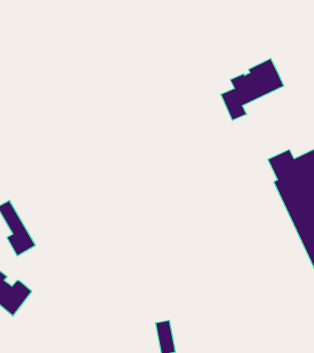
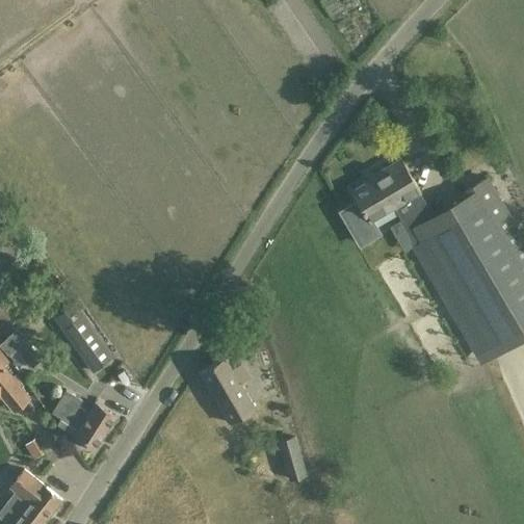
building: [221,59,284,120] -> [342,160,421,243]
building: none -> [201,359,255,425]

